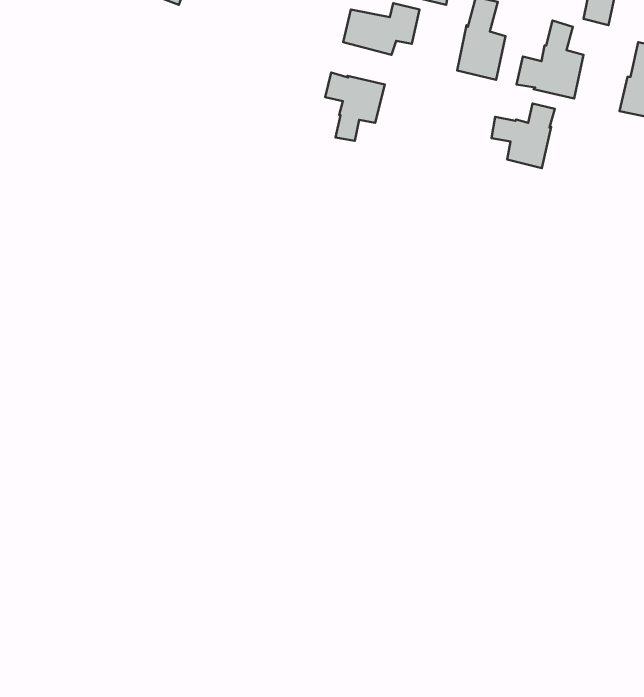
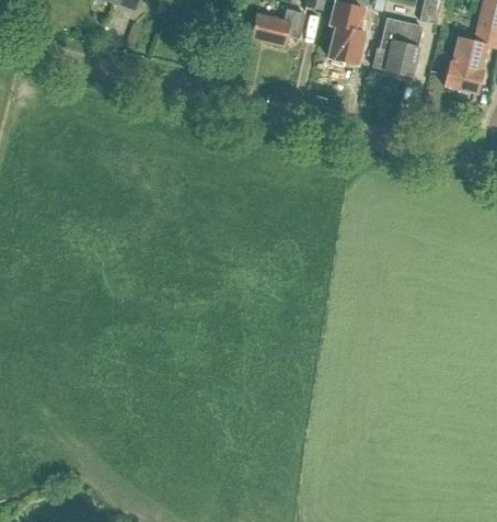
building: [325,73,385,141] -> none
building: [492,103,555,168] -> none

